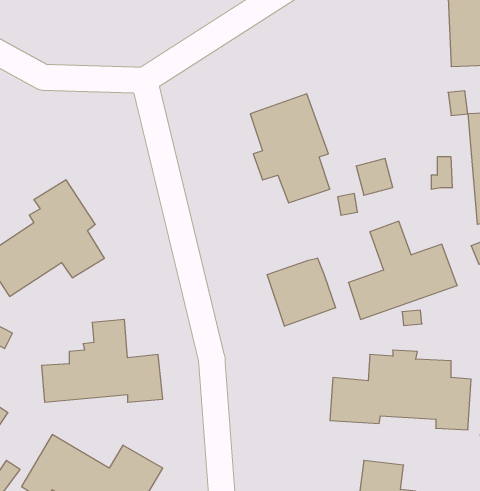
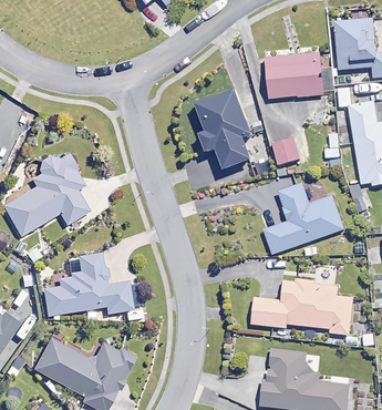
building: none -> [264,53,323,96]
building: [267,258,336,326] -> none

